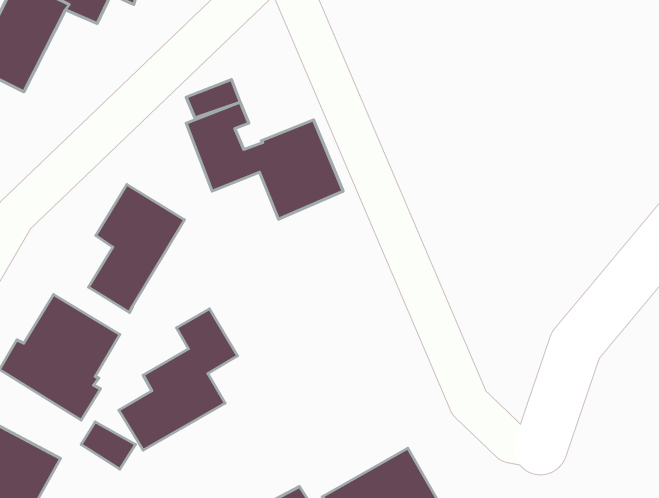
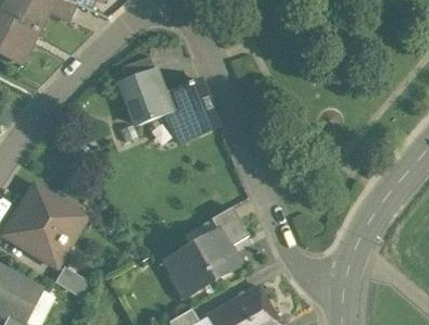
building: [88,185,185,312] -> none
building: [119,309,237,450] -> [175,205,249,293]

